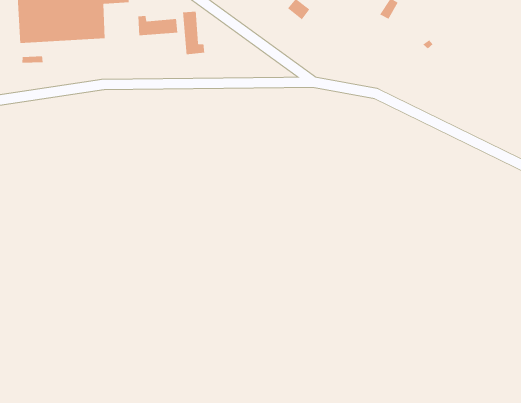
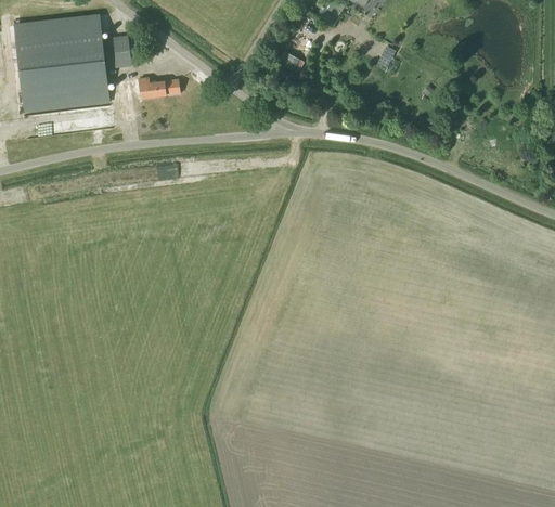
building: [183,11,205,55] -> none

